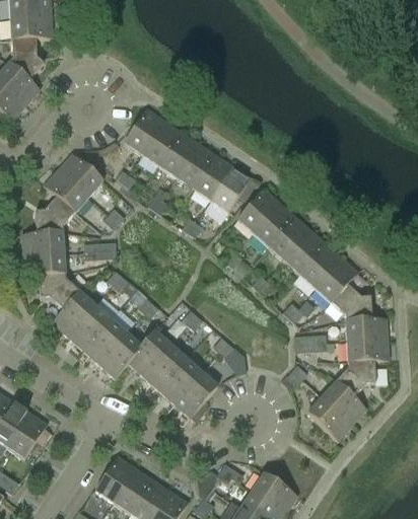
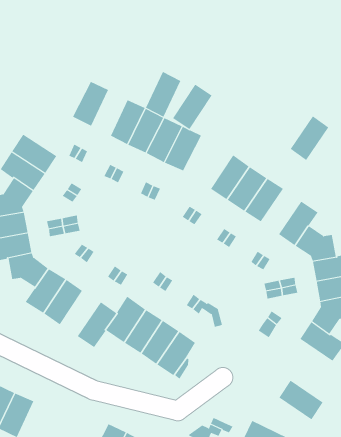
building: [142,120,182,166] -> [145,71,181,117]
building: [236,188,280,233] -> [172,84,213,130]
building: [299,243,342,288] -> [290,116,329,161]
building: [83,318,127,363] -> none
building: [307,396,352,440] -> [278,380,324,420]

